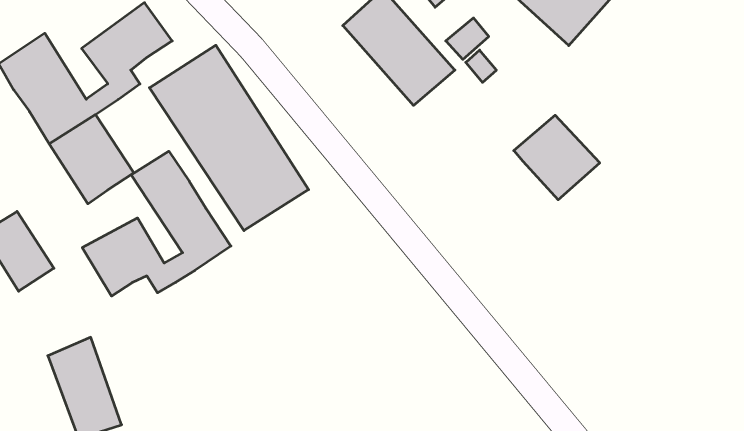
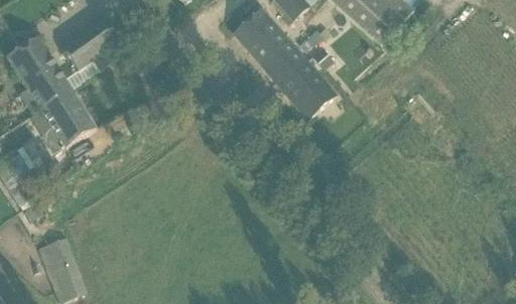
building: [149,45,309,231] -> none
building: [514,115,600,200] -> [279,60,336,116]
building: [82,151,231,296] -> none

